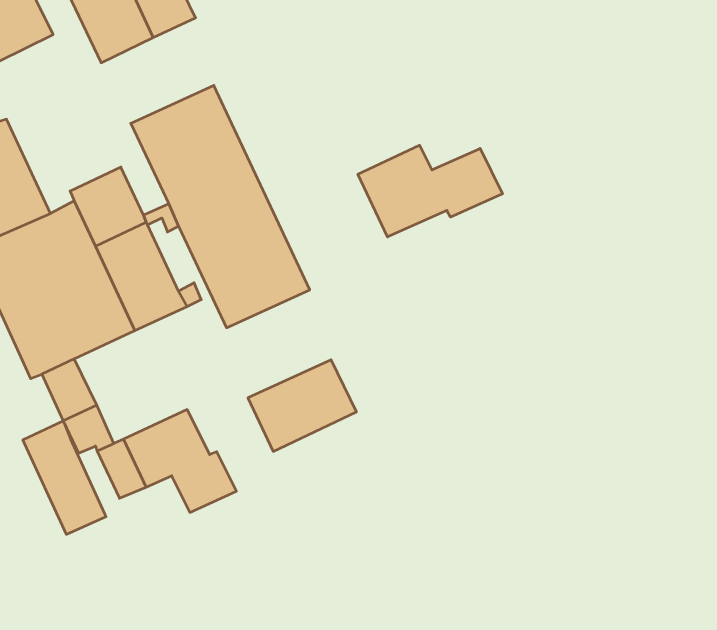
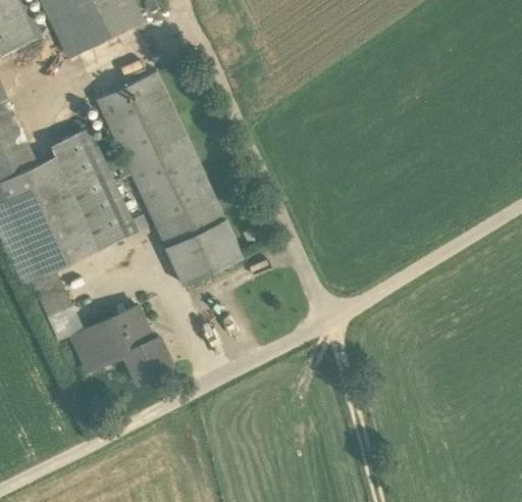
building: [358,145,502,237] -> none
building: [248,360,356,451] -> [165,219,244,286]
building: [23,421,106,534] -> none

